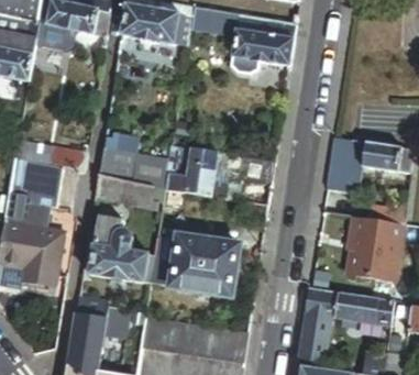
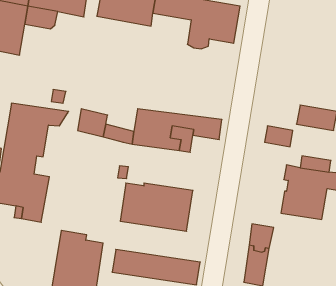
building: [329,136,365,173] -> none
building: [96,173,158,209] -> none
building: [90,216,155,283] -> none
building: [331,290,392,326] -> none

